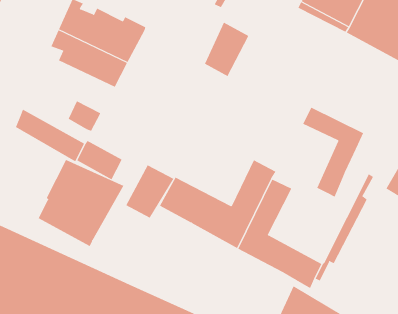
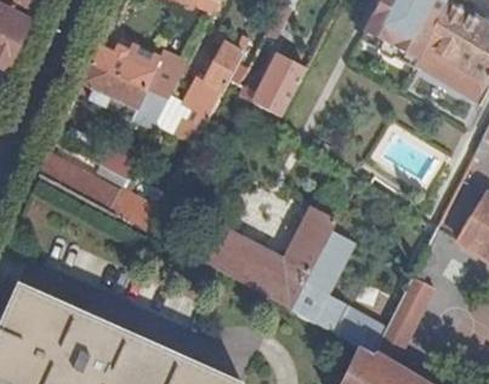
building: none -> [176,35,245,142]
building: [302,107,364,198] -> none
building: [38,159,124,247] -> none
building: [125,165,174,218] -> none

